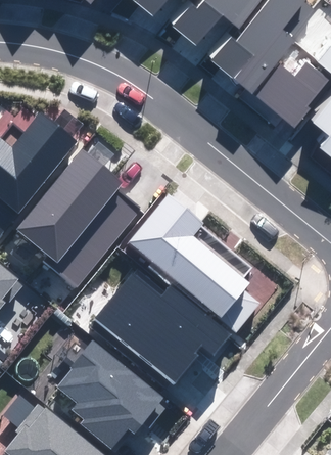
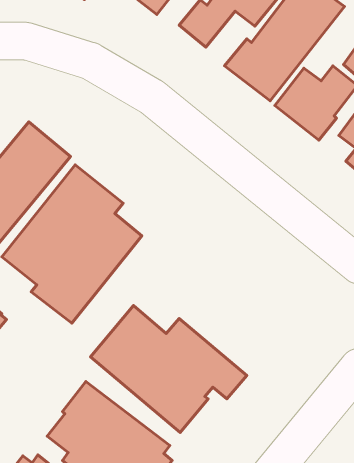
building: [129,194,258,332] -> none

